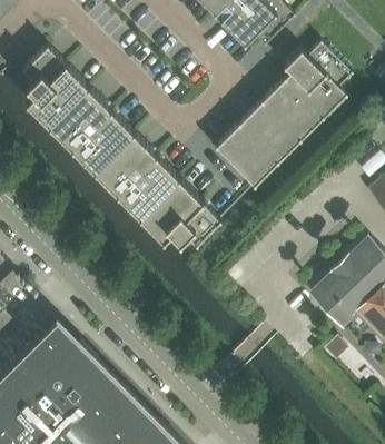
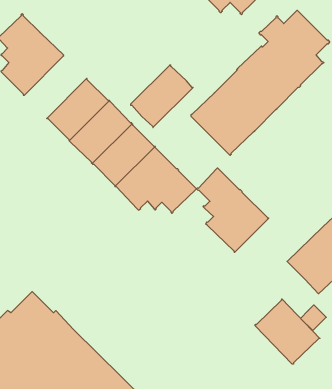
building: [48,89,110,151] -> [131,65,193,128]
building: none -> [197,168,269,252]
building: none -> [255,299,320,364]

